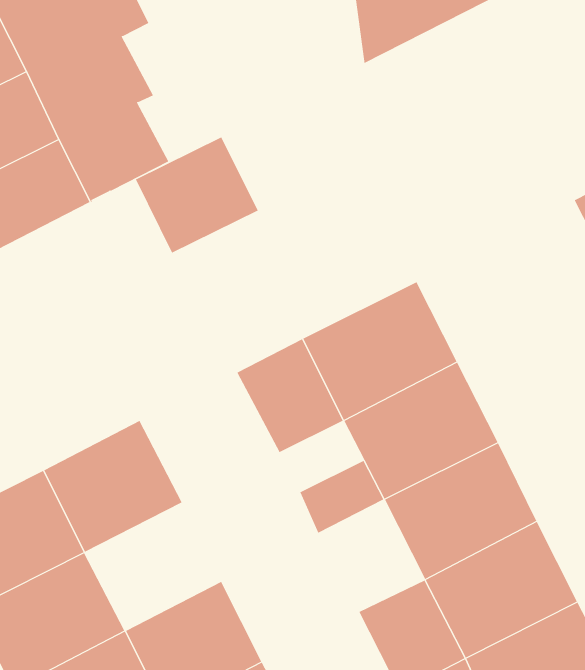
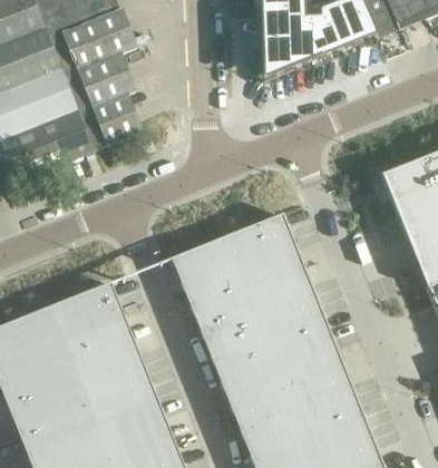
building: [135,136,258,253] -> none
building: none -> [192,293,242,333]
building: none -> [211,342,272,408]
building: none -> [70,333,150,407]

